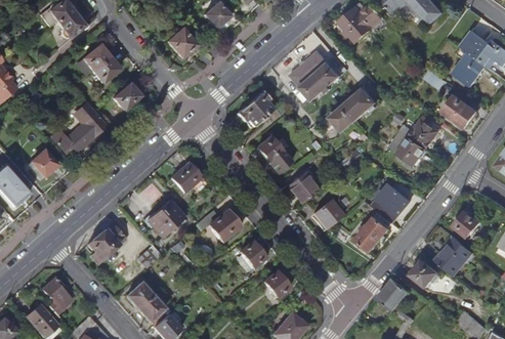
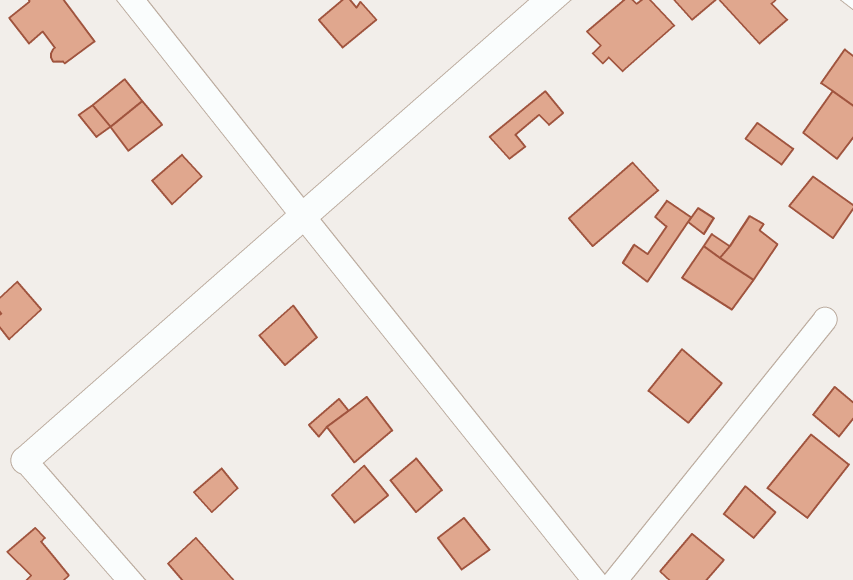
building: [168,19,199,58] -> none
building: [301,62,341,100] -> none
building: [236,90,273,126] -> none
building: [52,104,108,157] -> none
building: none -> [623,201,691,282]
building: [258,136,292,173] -> none
building: [288,174,318,203] -> none
building: [315,200,344,228] -> none
building: [146,201,184,237] -> none
building: [357,214,393,252] -> none
building: [88,222,127,263] -> none
building: none -> [332,466,388,523]

